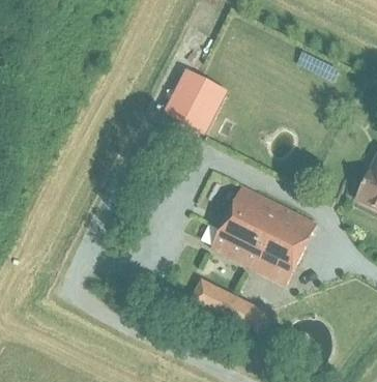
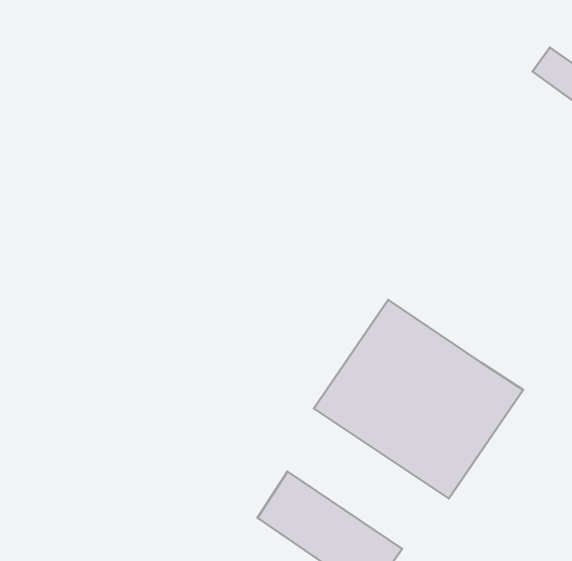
building: [164,68,227,134] -> none

